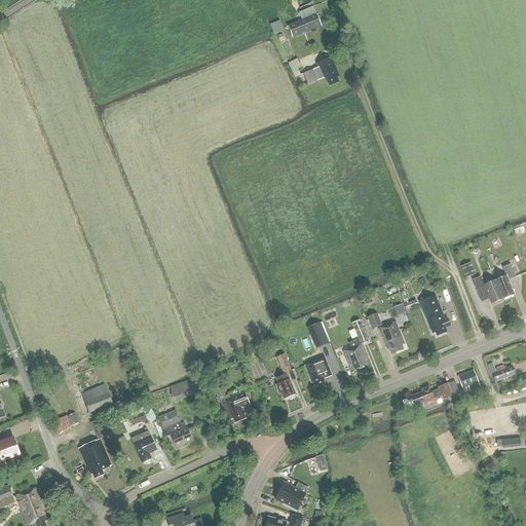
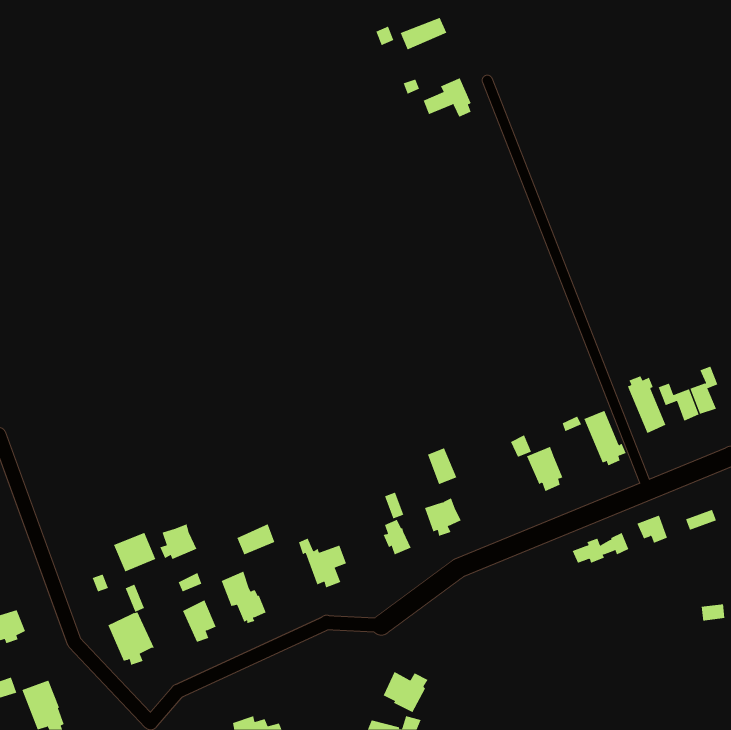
building: none -> [627,375,666,434]
building: [343,318,367,368] -> none
building: none -> [160,523,197,560]

